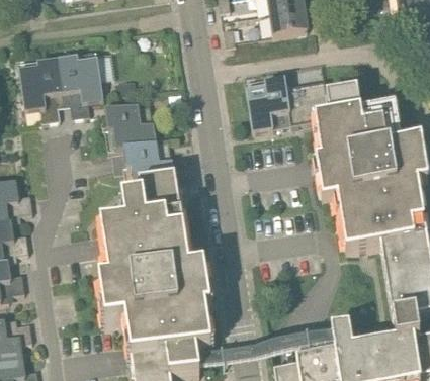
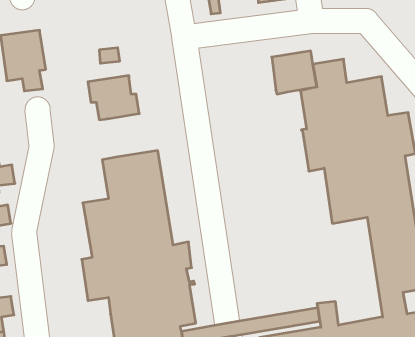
building: [57,53,102,114] -> none
building: [245,77,289,127] -> none
building: [123,139,173,183] -> none

